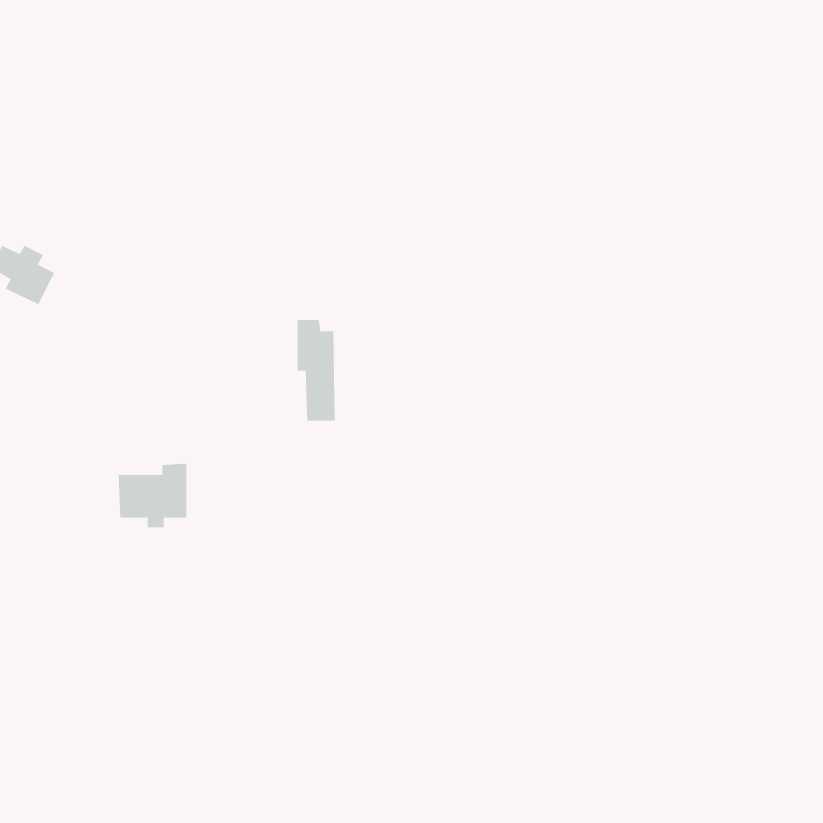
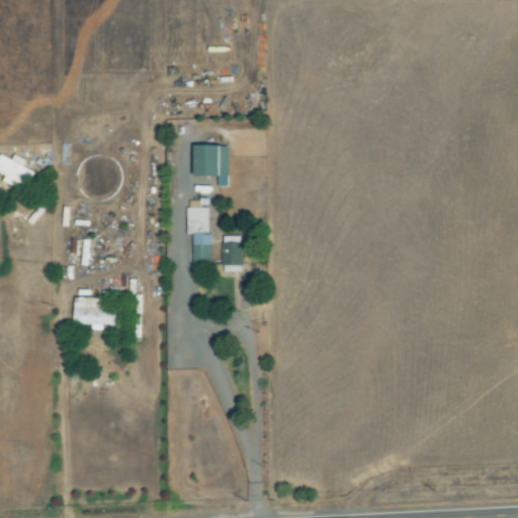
building: none -> [194,145,229,187]
building: none -> [222,236,242,271]

